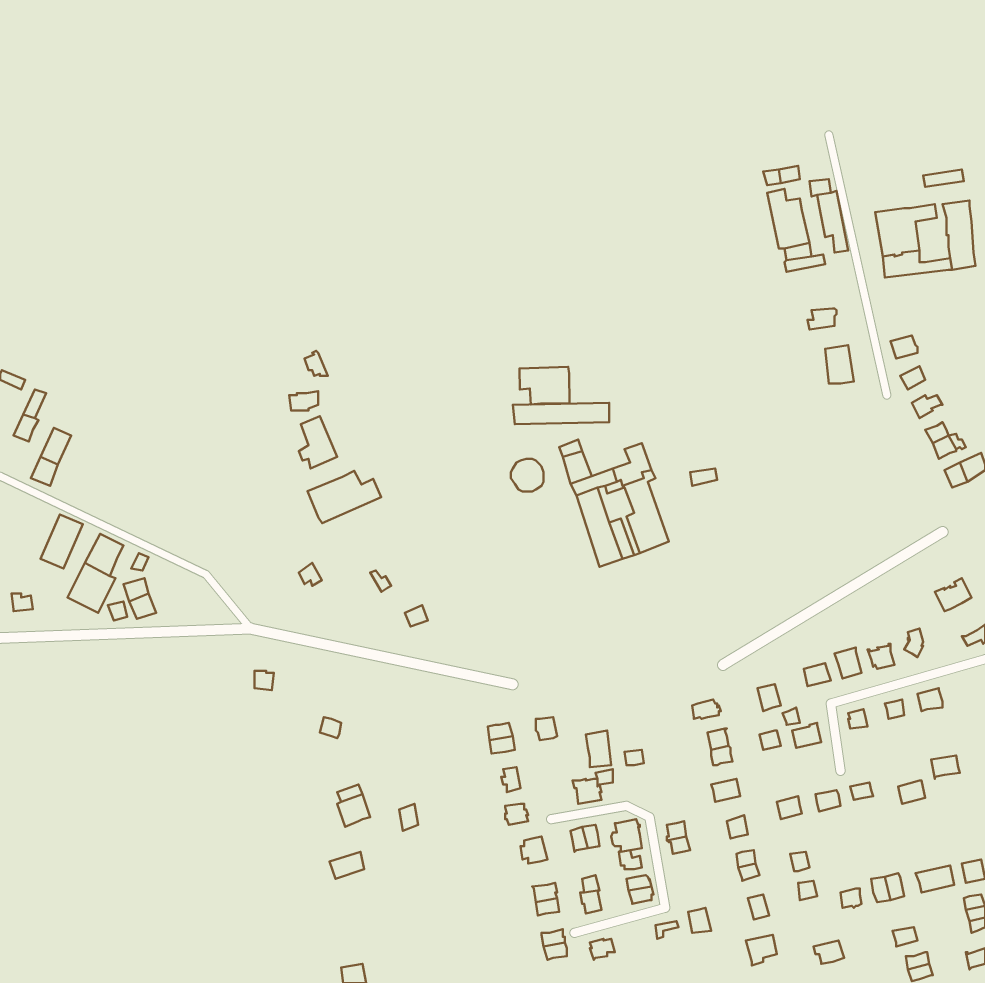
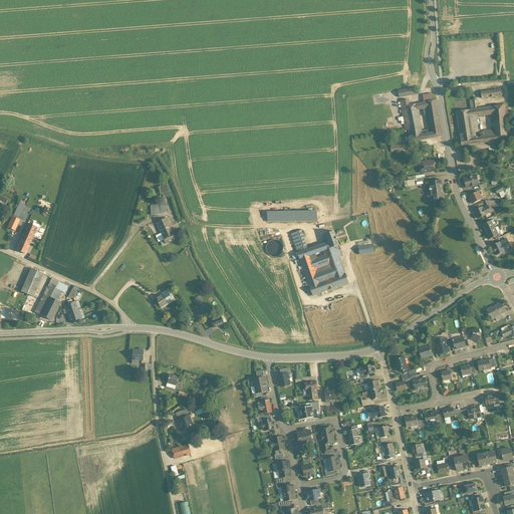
building: [519,367,570,404] -> none
building: [307,471,381,523] -> none

